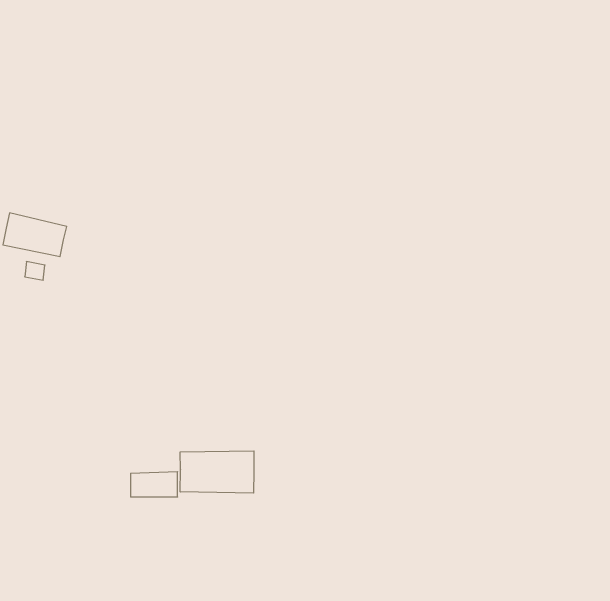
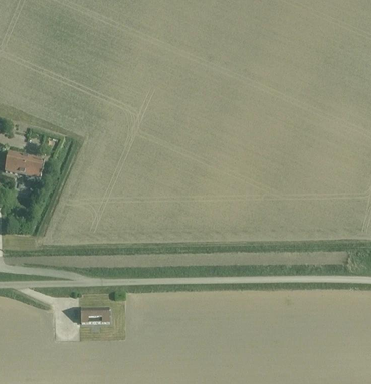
building: [180,451,254,493] -> none

